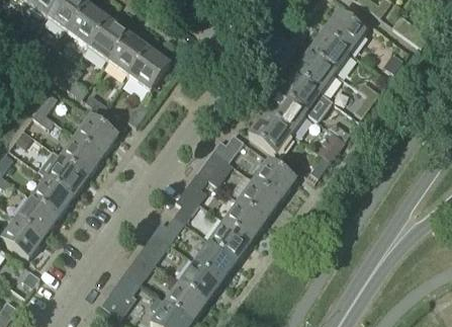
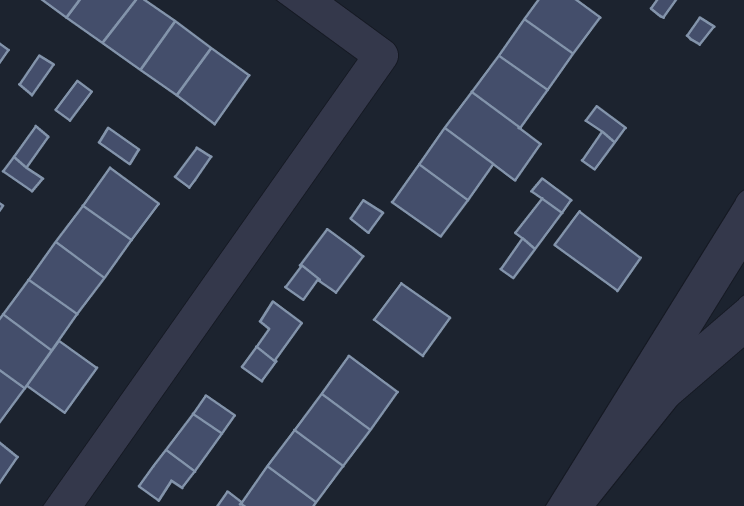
building: none -> [555,211,641,291]
building: [255,157,297,197] -> none
building: [225,198,267,239] -> none
building: none -> [27,341,97,413]

